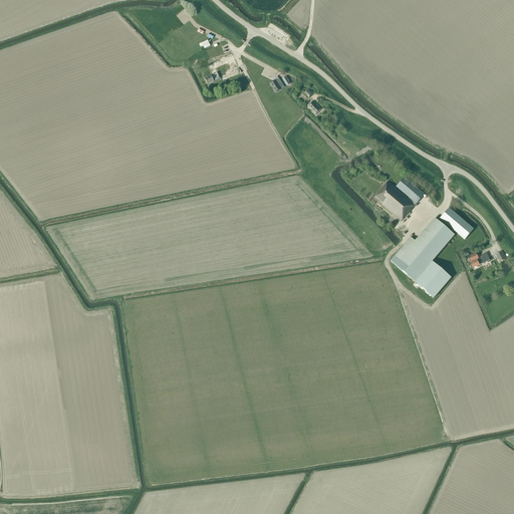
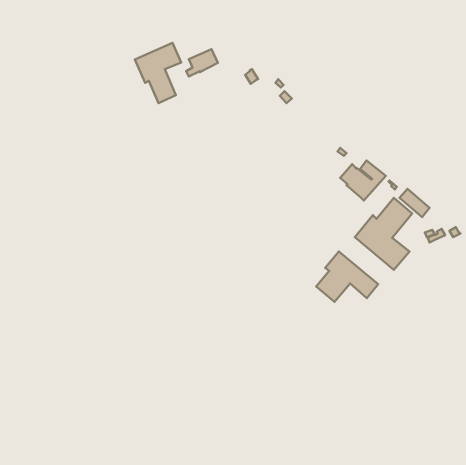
building: none -> [135,43,181,103]
building: none -> [316,251,378,302]

